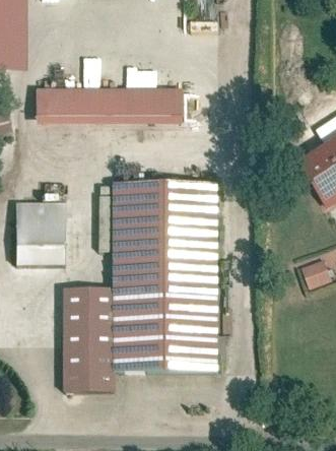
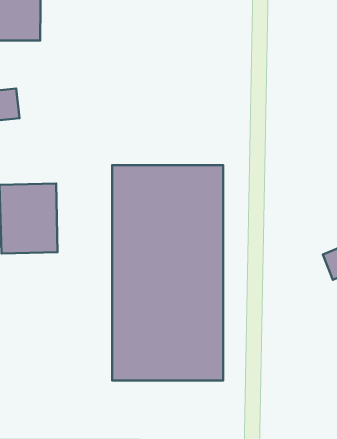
building: [49,89,198,127] -> none
building: [58,286,108,385] -> none

